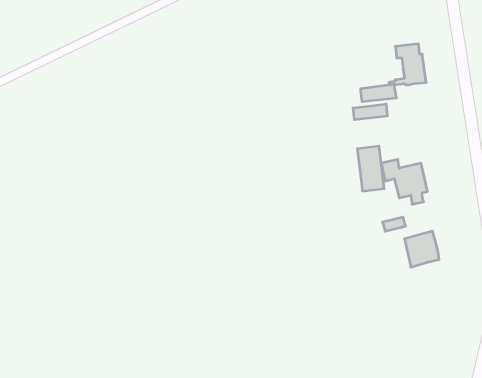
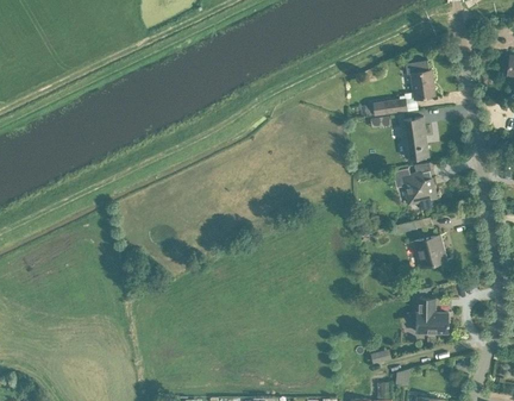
building: [357,146,384,191] -> [403,117,428,158]
building: none -> [416,299,449,332]

